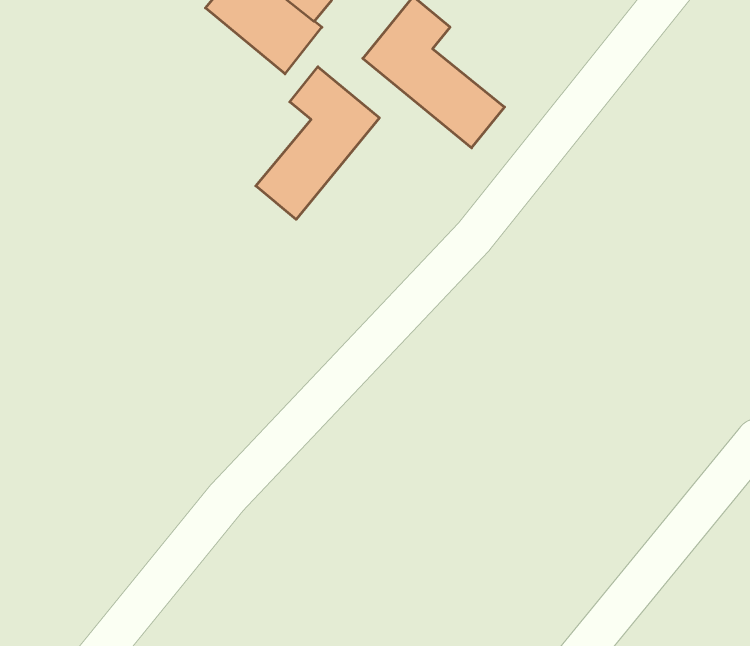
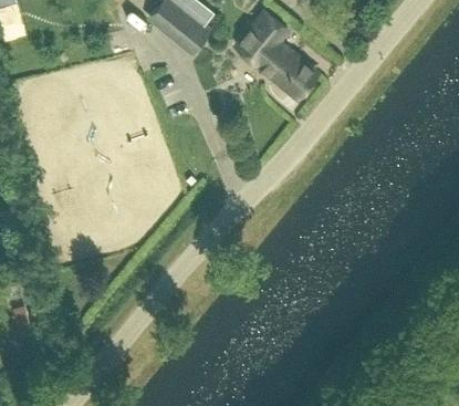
building: [256,67,379,219] -> none

